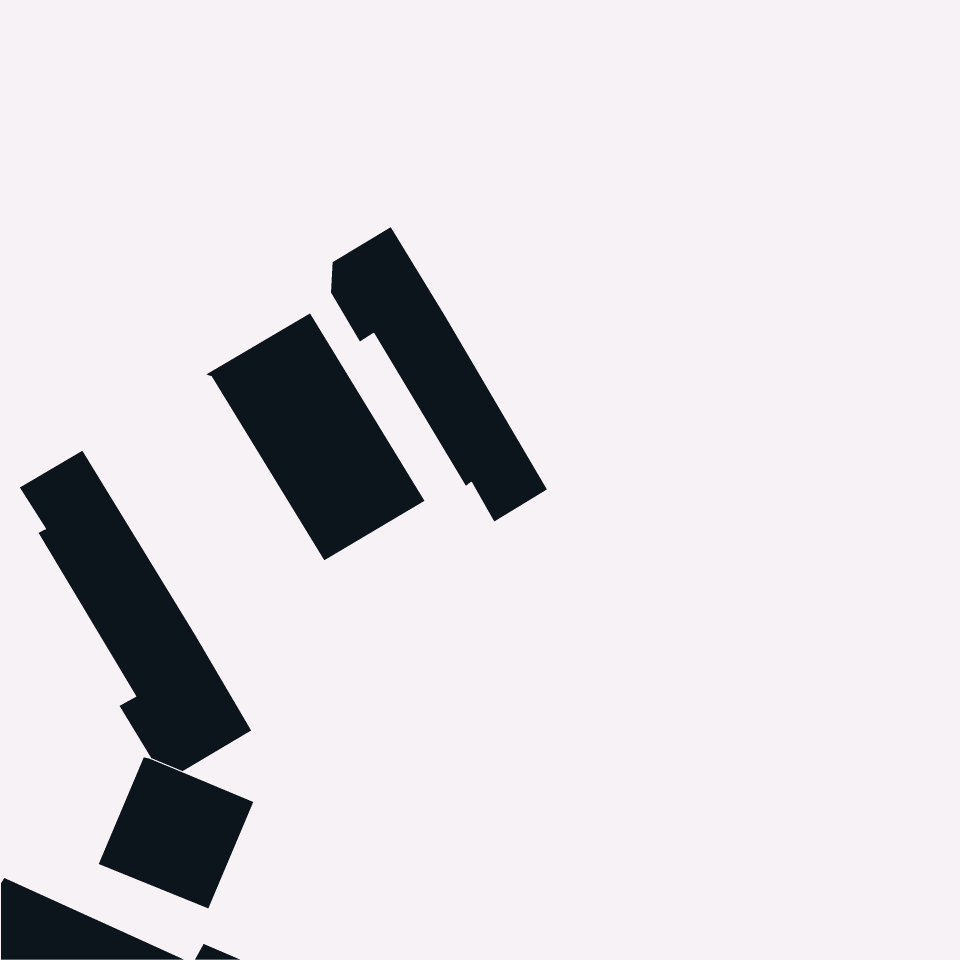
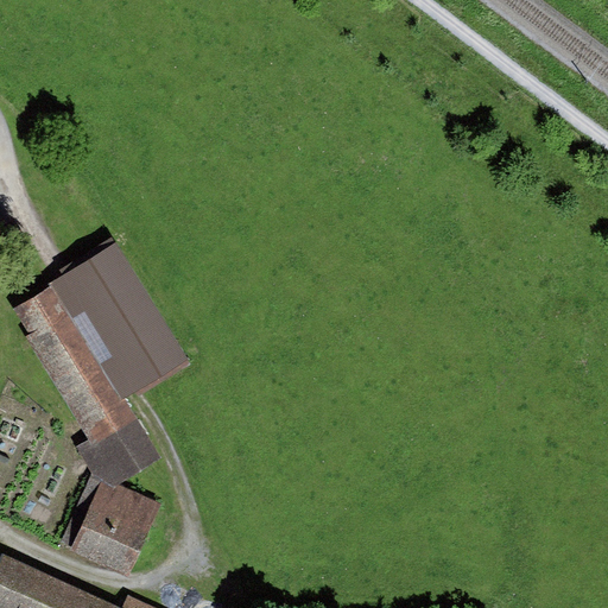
building: [330,226,548,523] -> none
building: [205,313,425,561] -> [50,243,189,400]

